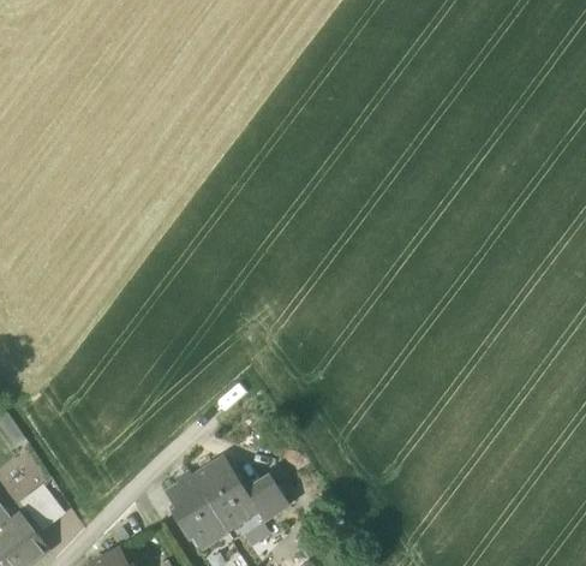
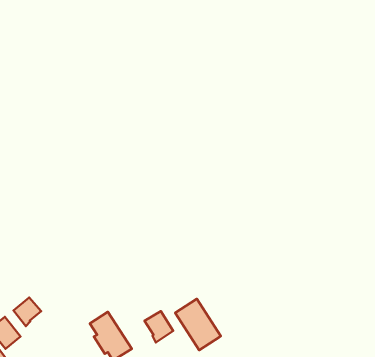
building: none -> [14,297,41,326]
building: [193,457,259,531] -> [175,299,221,350]

